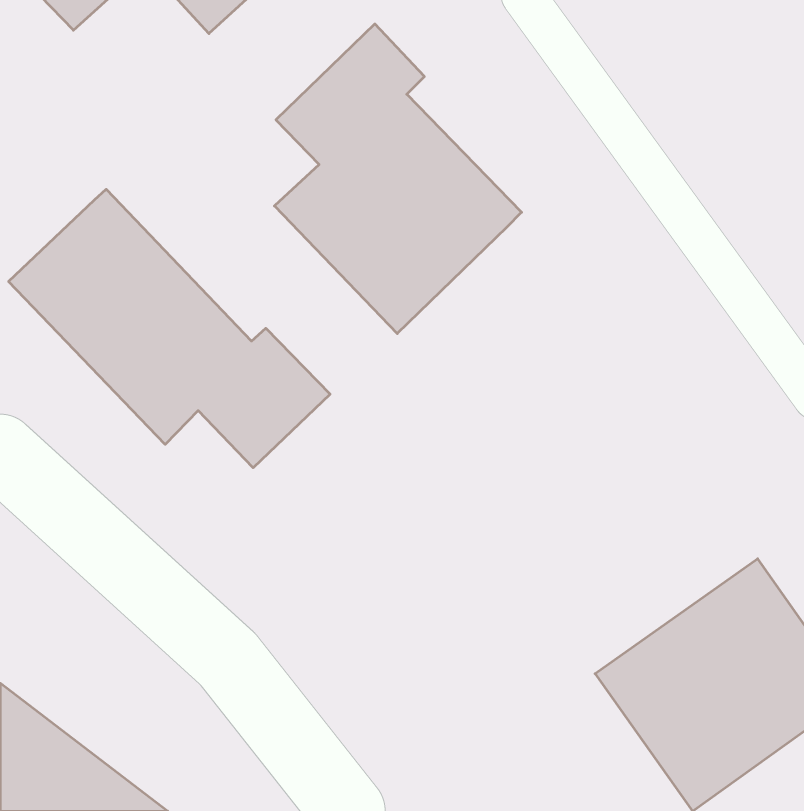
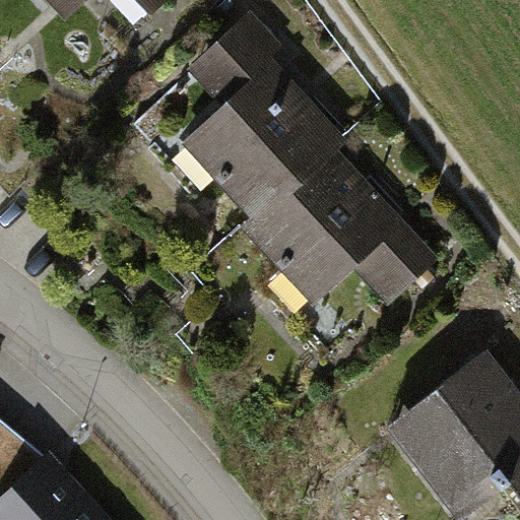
building: [9,189,330,468] -> none
building: none -> [249,144,437,300]

